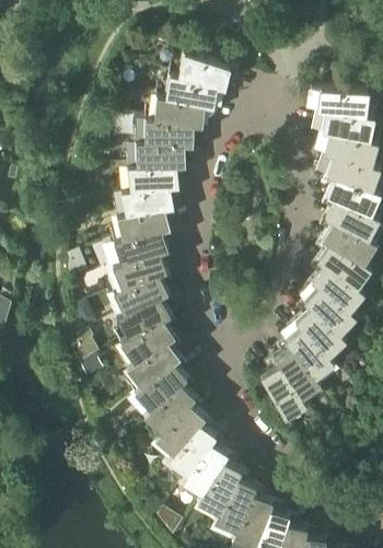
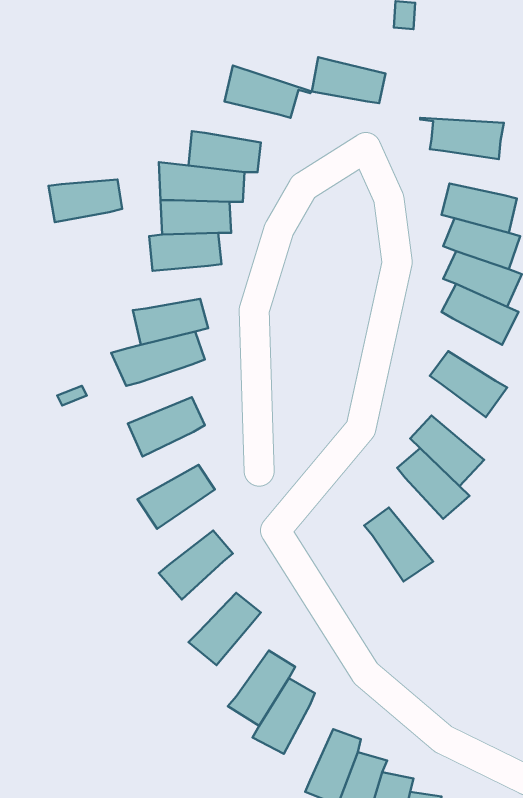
building: [167,80,217,110] -> [312,57,386,103]
building: [322,115,372,144] -> none
building: [124,191,173,220] -> [48,179,122,222]
building: [322,226,374,268] -> none
building: [115,257,166,293] -> none
building: [312,270,362,315] -> none
building: [118,302,170,342] -> none
building: [286,333,333,382] -> none
building: [129,346,179,390] -> none
building: [260,371,304,429] -> none
building: [146,388,195,435] -> none
building: [170,429,216,478] -> none
building: [216,483,256,534] -> none

